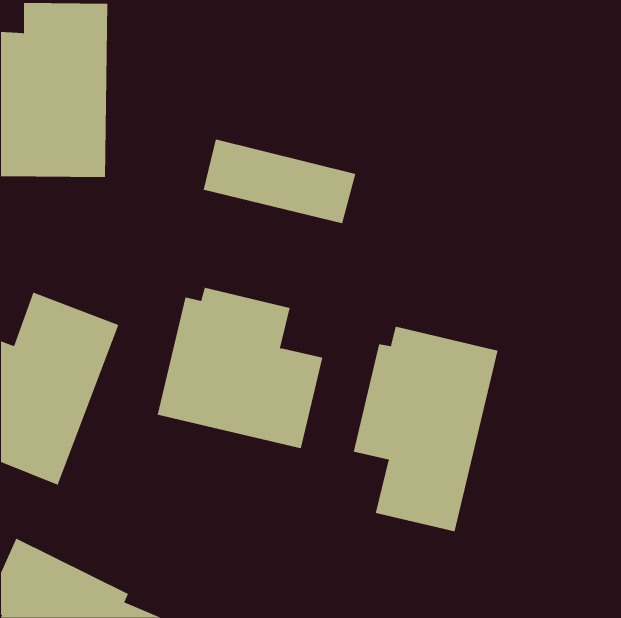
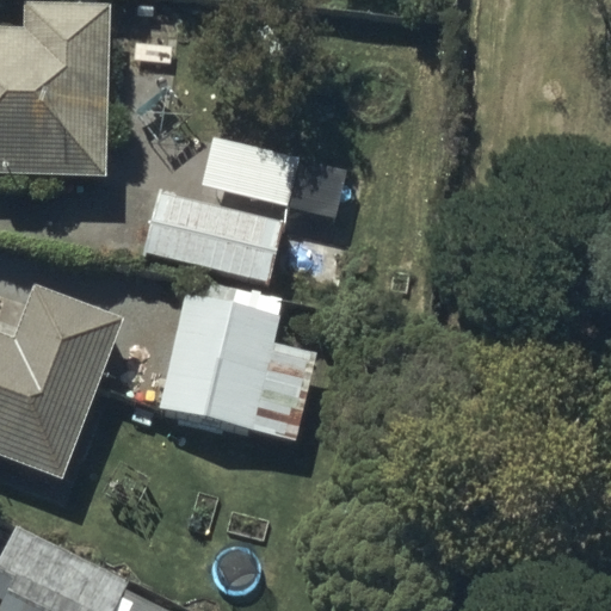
building: none -> [141,190,348,285]
building: [353,326,498,532] -> none

